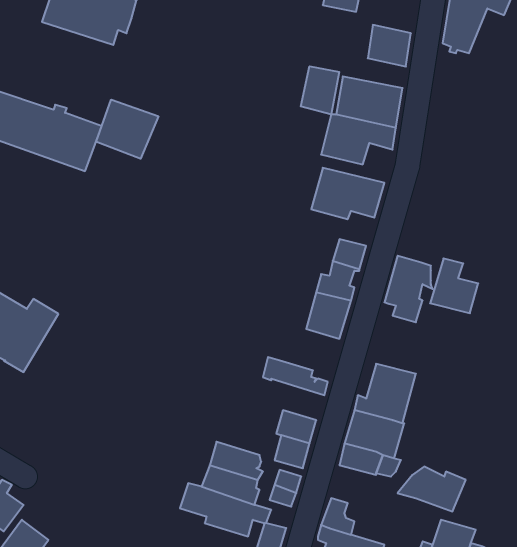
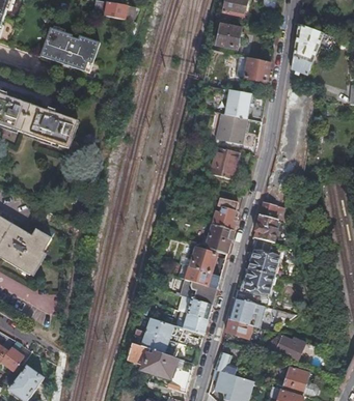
building: [301,66,339,115] -> none
building: [96,100,158,159] -> none
building: [430,258,478,313] -> [248,240,278,275]
building: none -> [188,248,224,276]
building: none -> [179,278,216,304]

